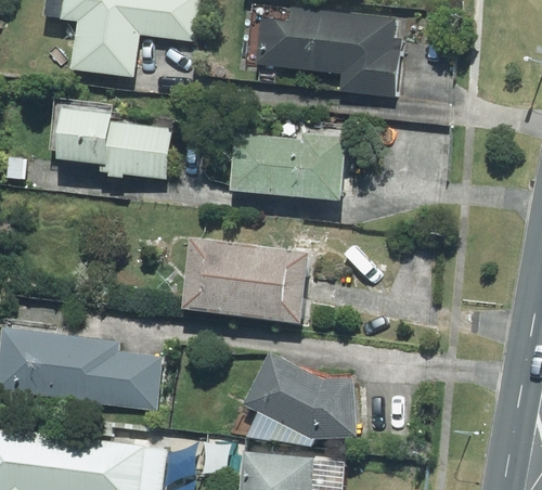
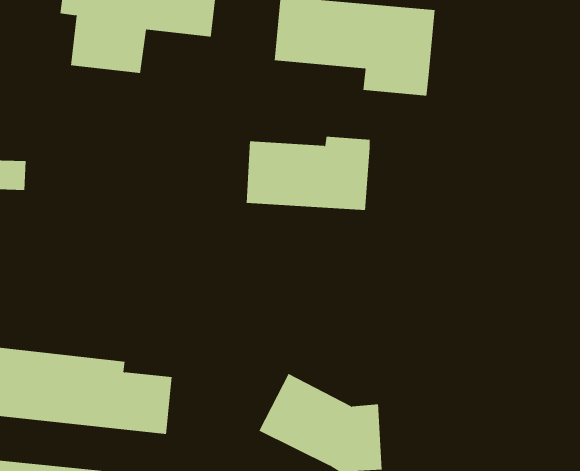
building: [55,111,168,179] -> none
building: [183,225,323,324] -> none

